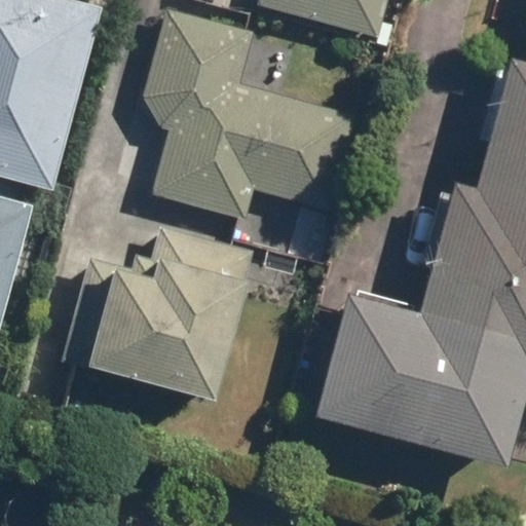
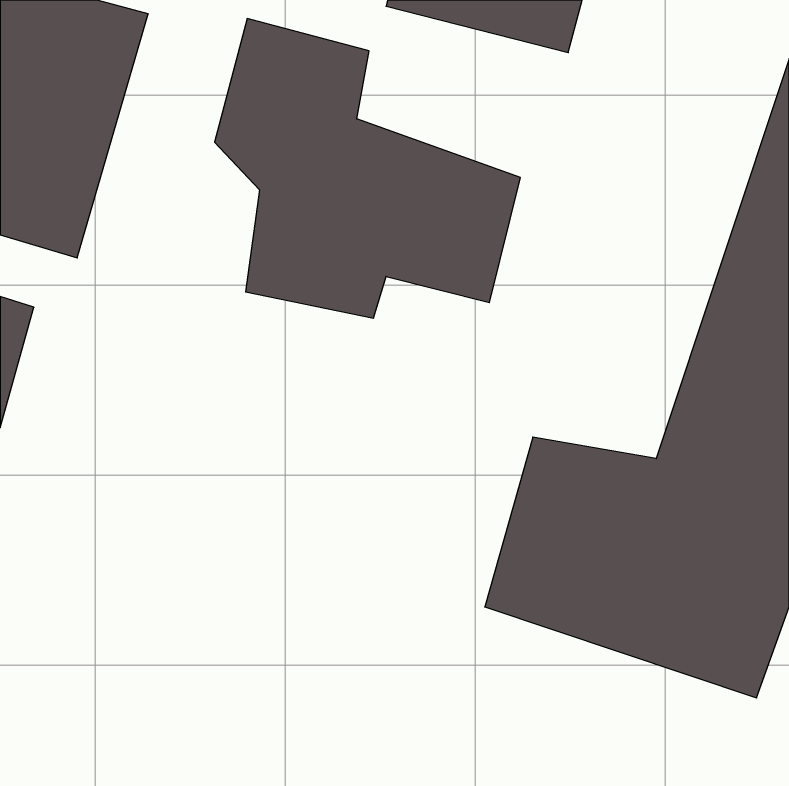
building: [99,222,242,376] -> none

